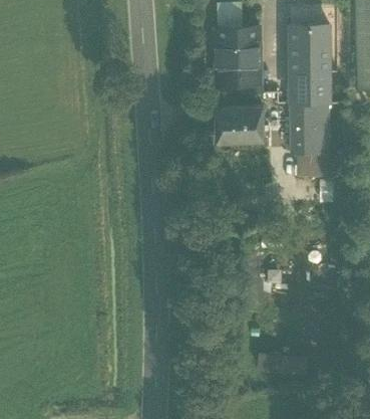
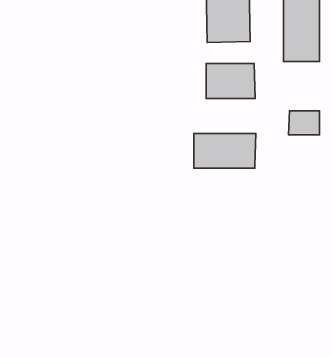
building: [294,106,331,155] -> none
building: none -> [194,134,256,168]

